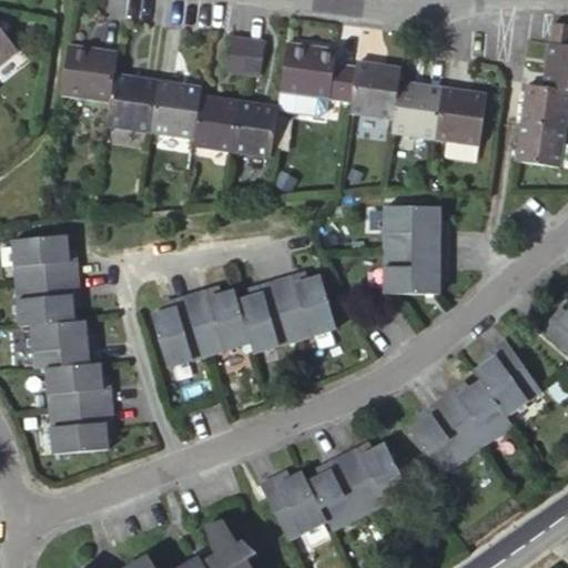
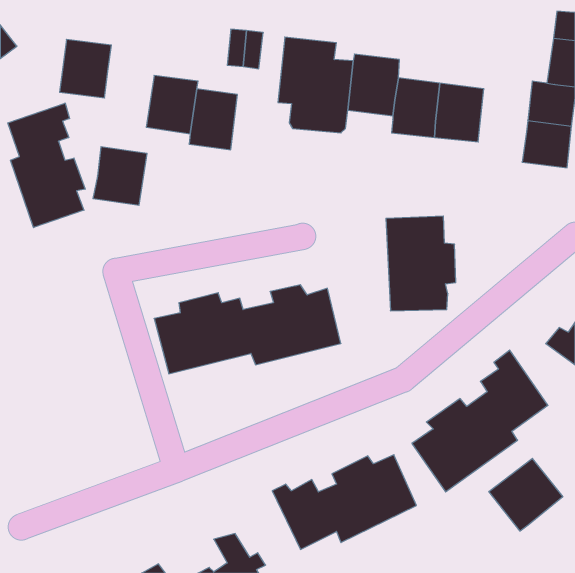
building: [99,68,152,125] -> [93,147,147,205]
building: [227,93,274,152] -> none
building: none -> [8,103,85,228]
building: [9,230,116,453] -> none
building: none -> [489,458,563,531]

